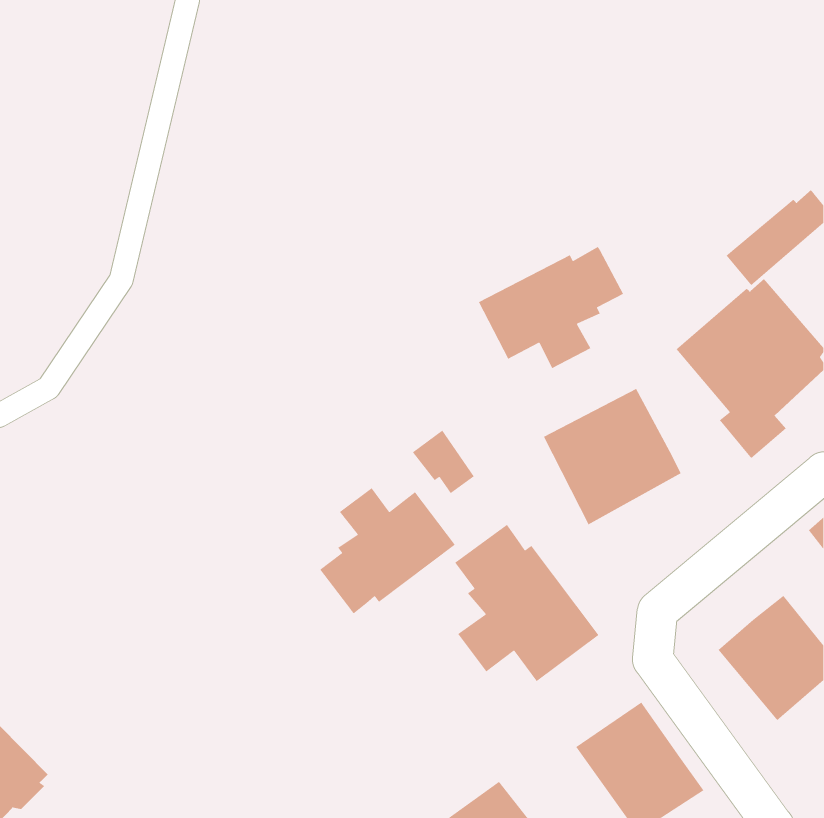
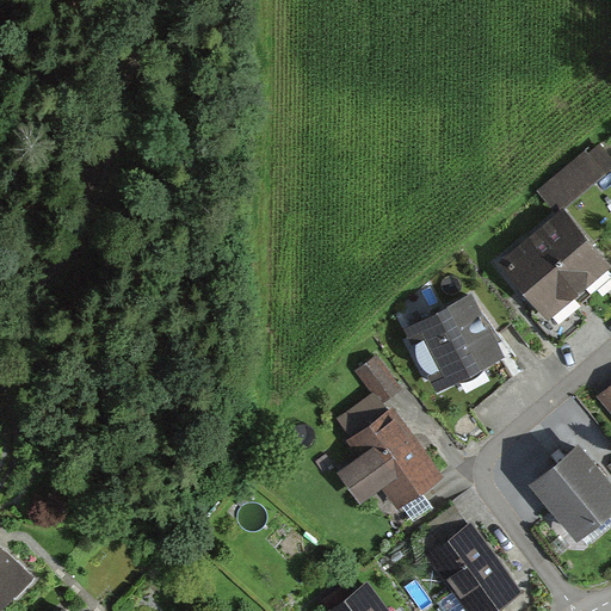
building: [478,246,624,369] -> none
building: [412,429,475,494] -> [354,357,401,405]
building: [319,487,456,614] -> none

